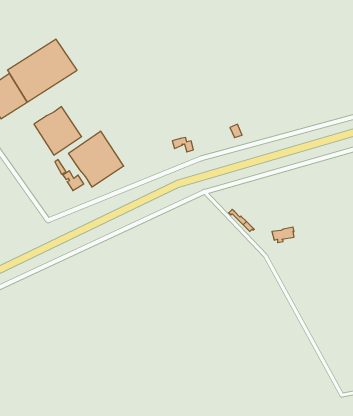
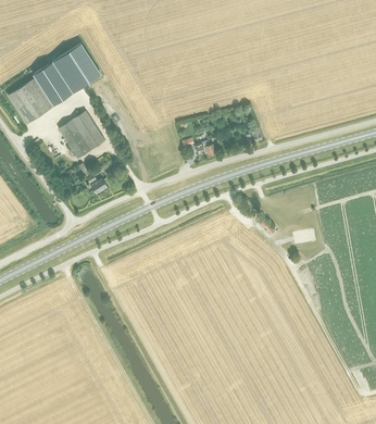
building: [69,131,124,187] -> none

